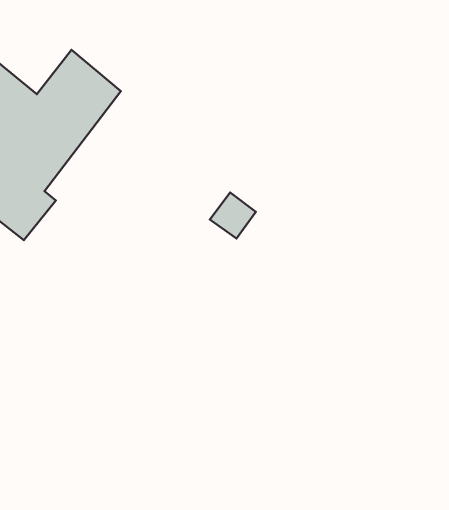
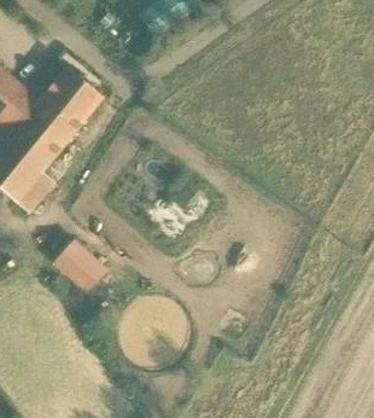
building: none -> [53,239,107,294]

